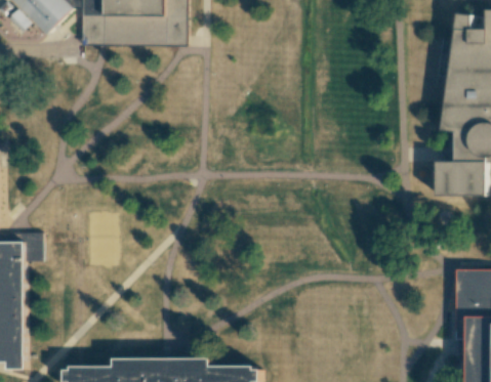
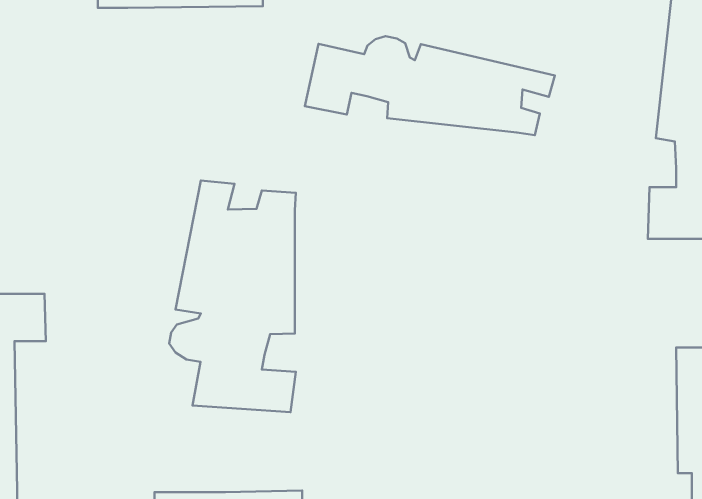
building: none -> [305,36,555,135]
building: none -> [169,180,296,412]

